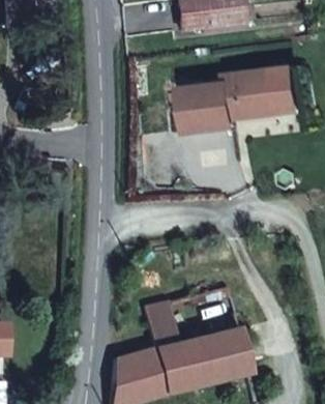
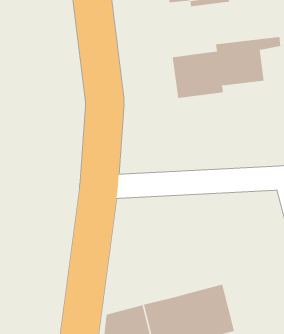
building: [145,298,181,346] -> none

